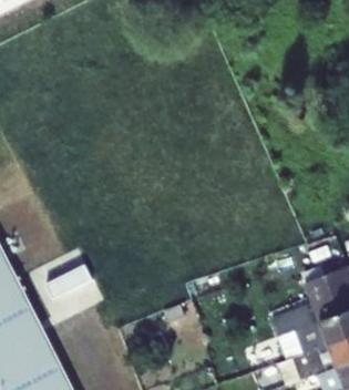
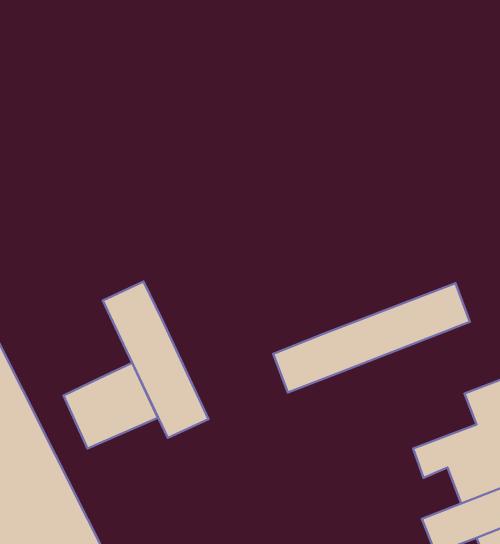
building: none -> [103,282,208,438]
building: none -> [273,283,470,392]

